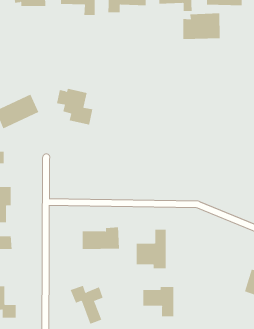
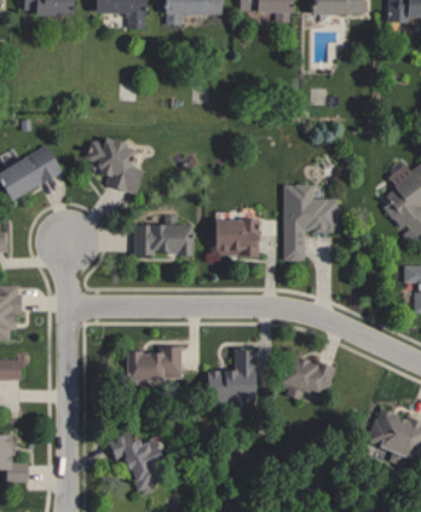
building: [183,12,220,40] -> none
building: none -> [284,184,340,261]
building: none -> [134,215,191,255]
building: none -> [212,219,260,255]
building: none -> [279,355,336,401]
building: [143,286,174,317] -> none

